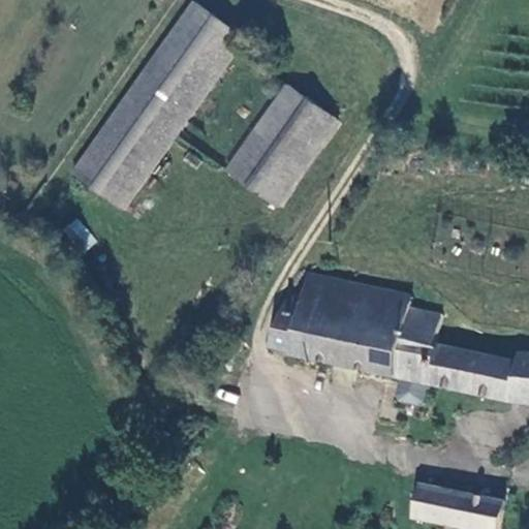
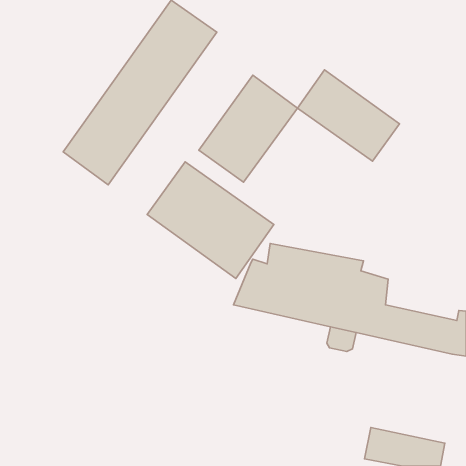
building: none -> [298,70,400,161]
building: none -> [147,162,274,278]

